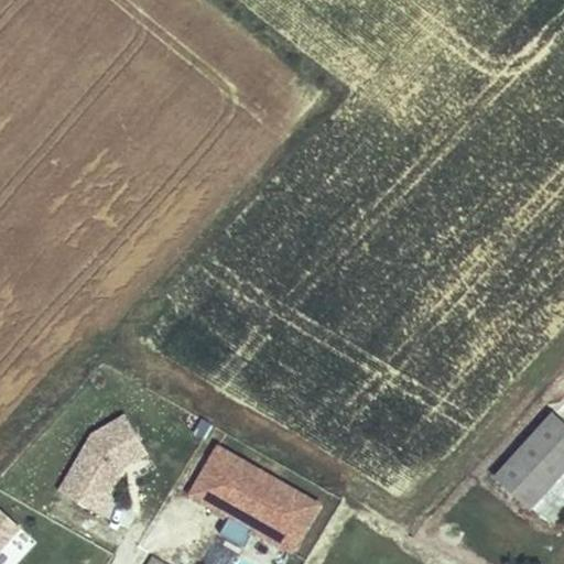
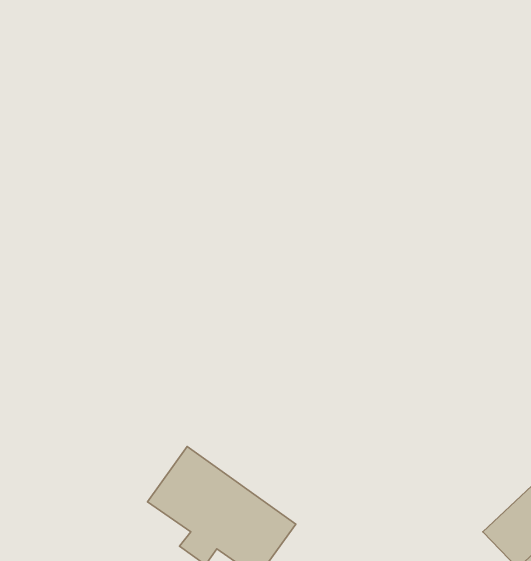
building: [58,408,145,512] -> none

